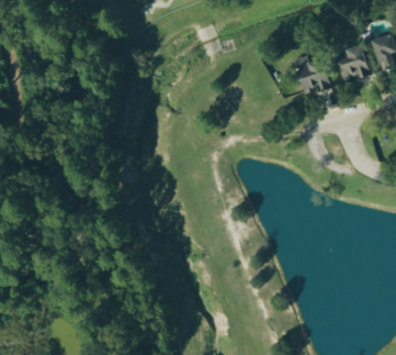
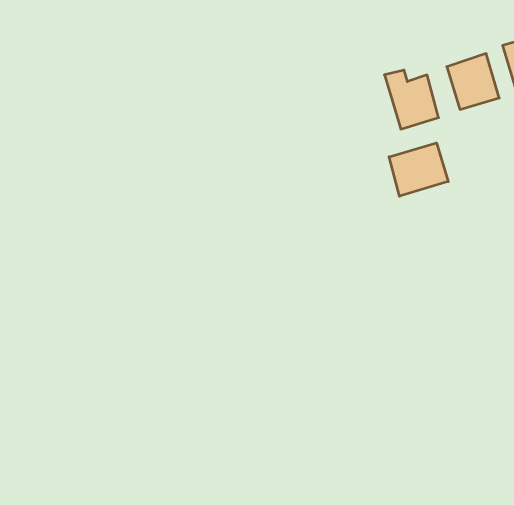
building: none -> [389,143,448,196]

